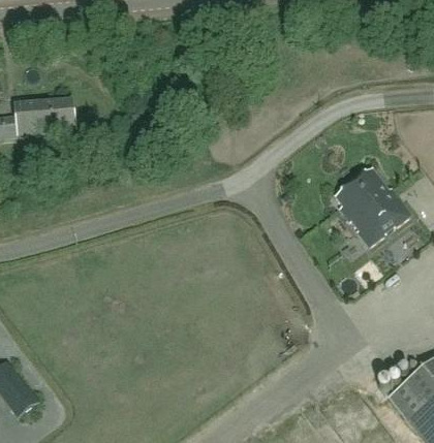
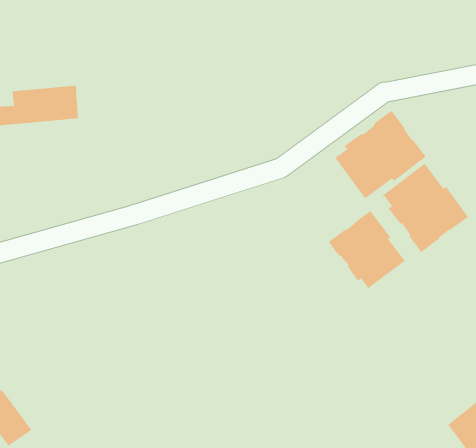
building: none -> [334,110,427,199]
building: none -> [328,210,405,290]

